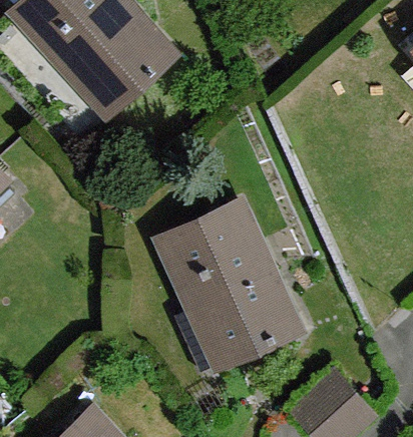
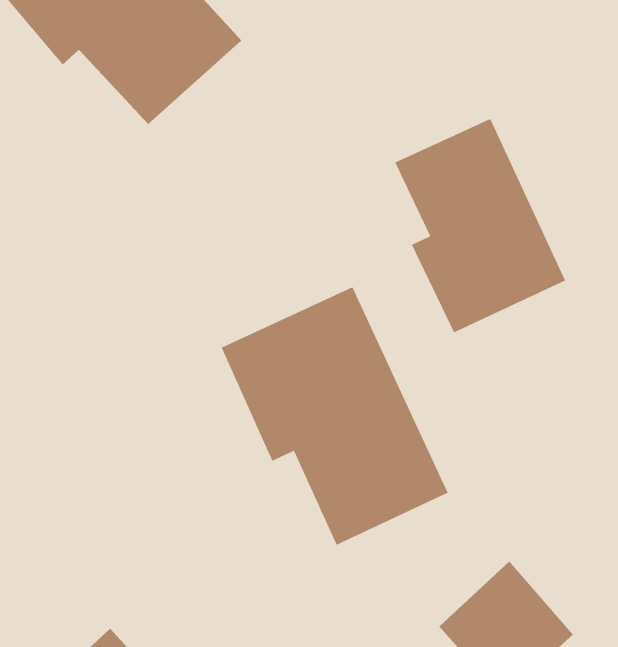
building: none -> [395,118,566,333]

